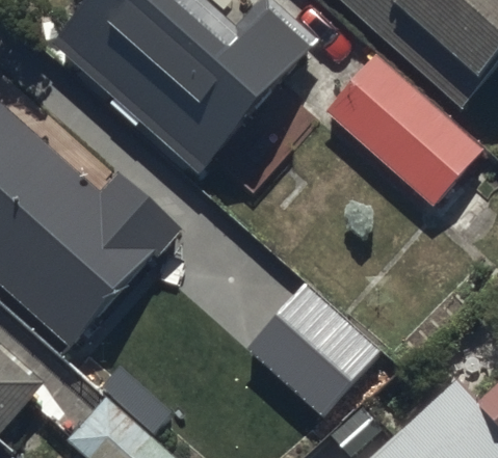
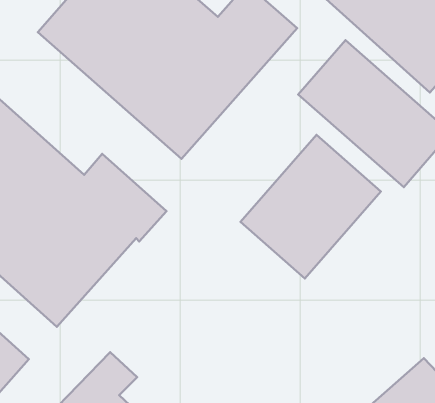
building: none -> [241,135,381,278]
building: [245,286,376,414] -> none

